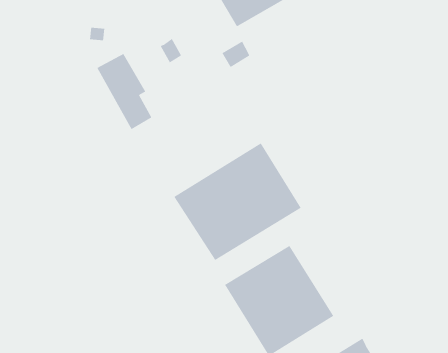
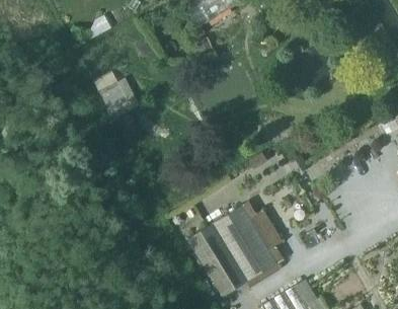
building: [174,142,301,261] -> none

